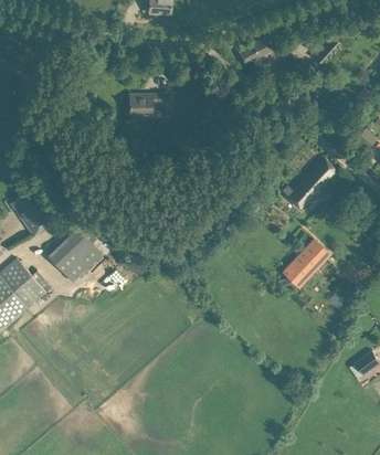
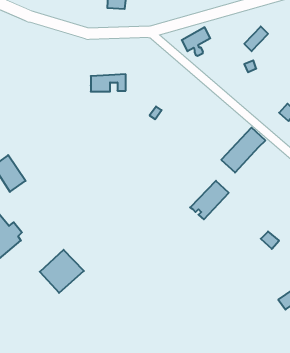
building: [48,229,101,281] -> [40,250,84,293]
building: [282,240,328,286] -> [190,181,229,219]

